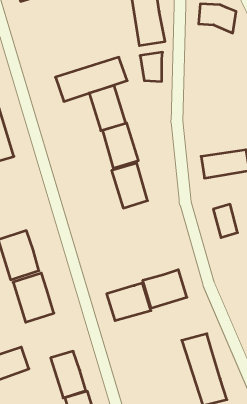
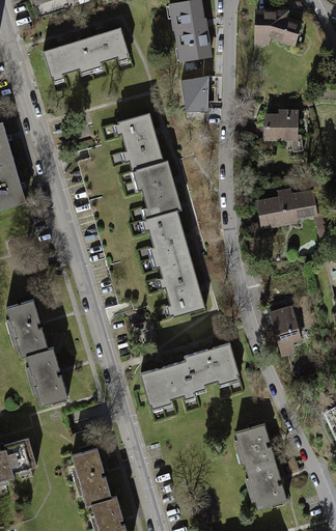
building: [55,57,127,101] -> [44,28,133,83]
building: none -> [263,114,297,140]
building: none -> [159,257,203,313]
building: [213,204,238,238] -> [272,307,302,348]

